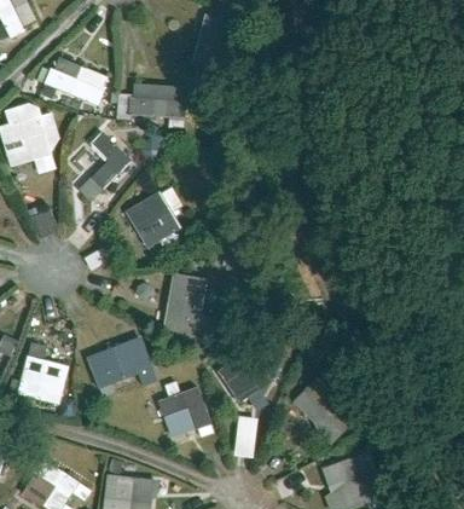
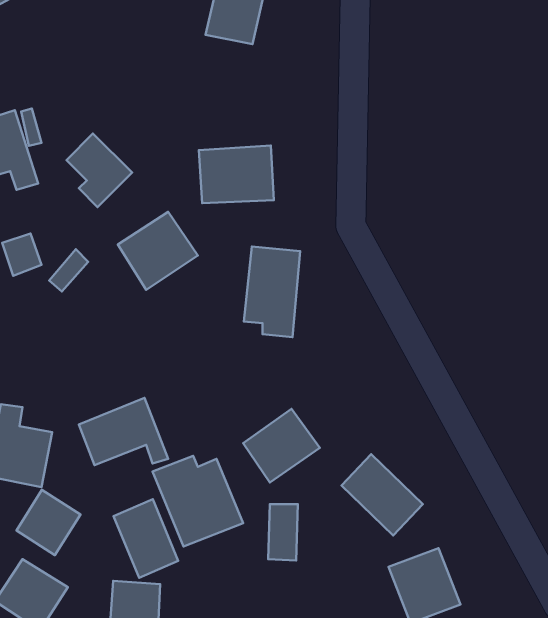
building: [41,54,108,110] -> none
building: [132,80,190,125] -> [199,145,274,203]
building: [162,273,205,343] -> [244,246,300,337]
building: none -> [16,490,81,555]
building: none -> [114,499,178,578]

